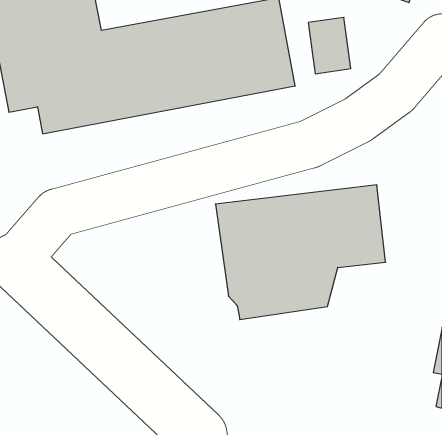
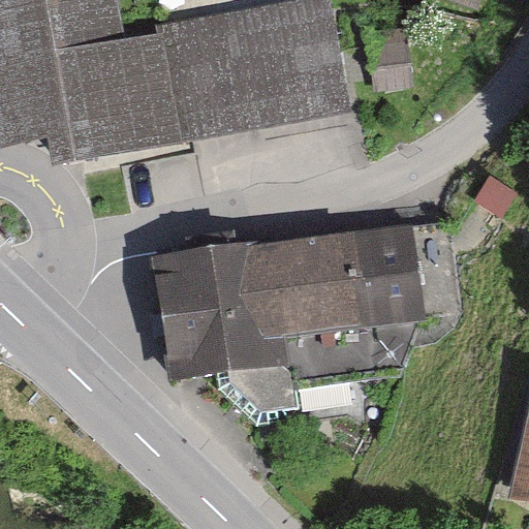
building: none -> [149,231,287,416]

